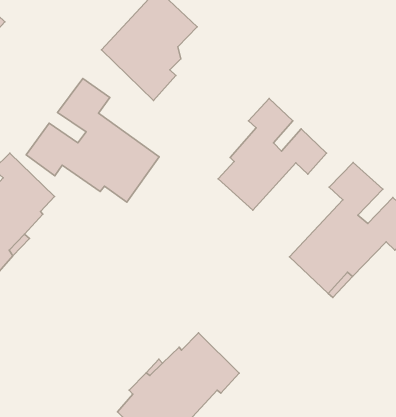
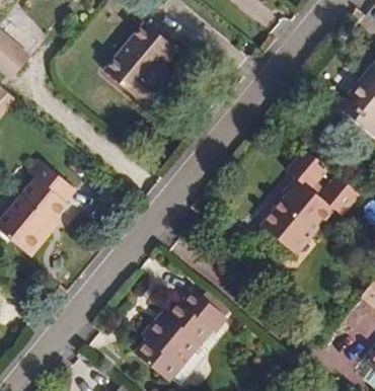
building: [26,79,159,202] -> none
building: [218,99,326,210] -> none

